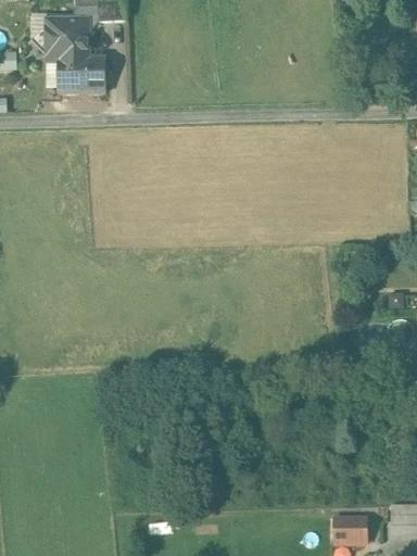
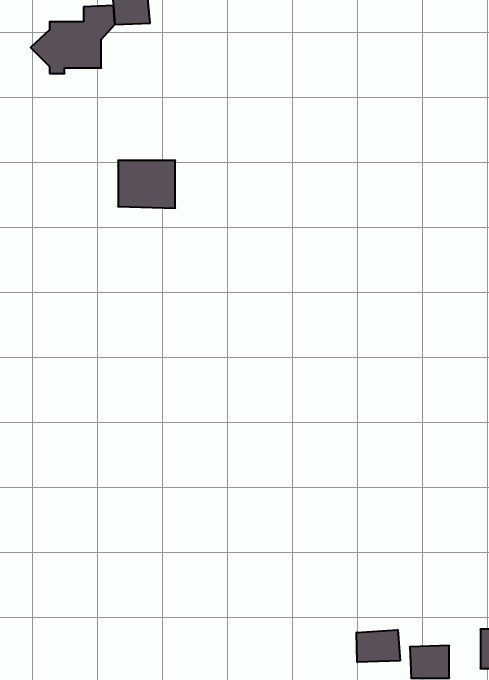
building: [59,55,104,93] -> [118,160,175,208]
building: none -> [357,630,400,662]

